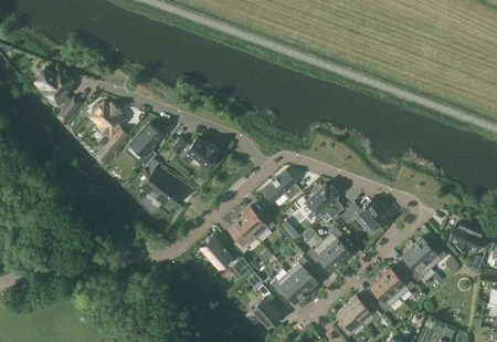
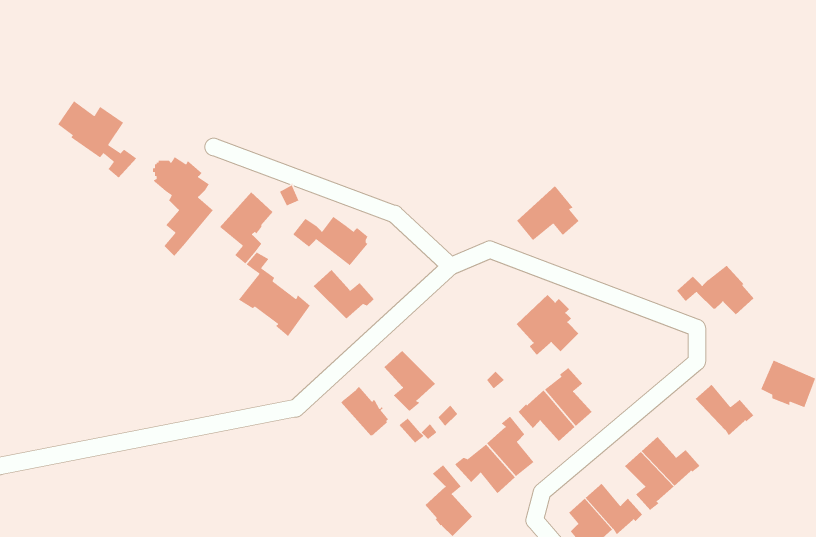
building: [263,169,300,203] -> [516,185,579,241]
building: [341,200,388,230] -> [676,265,754,315]
building: [239,207,275,237] -> [313,269,374,320]
building: [403,246,432,281] -> none

